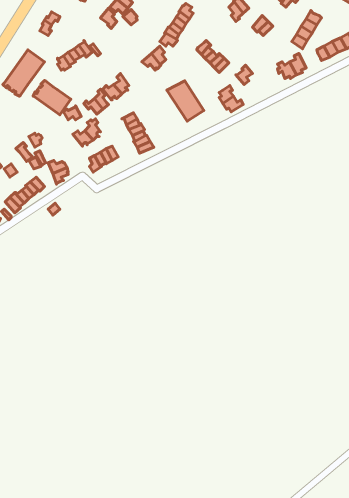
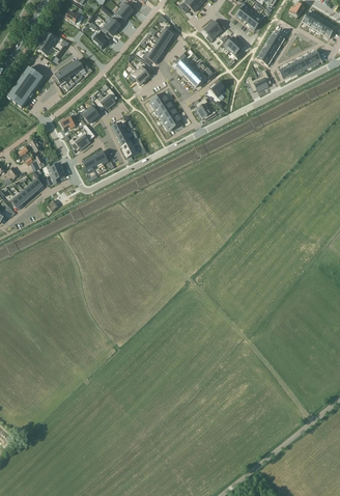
building: [33,80,71,115] -> none

